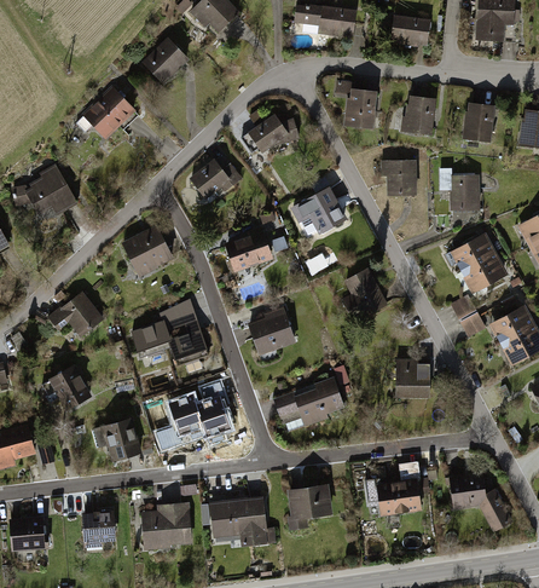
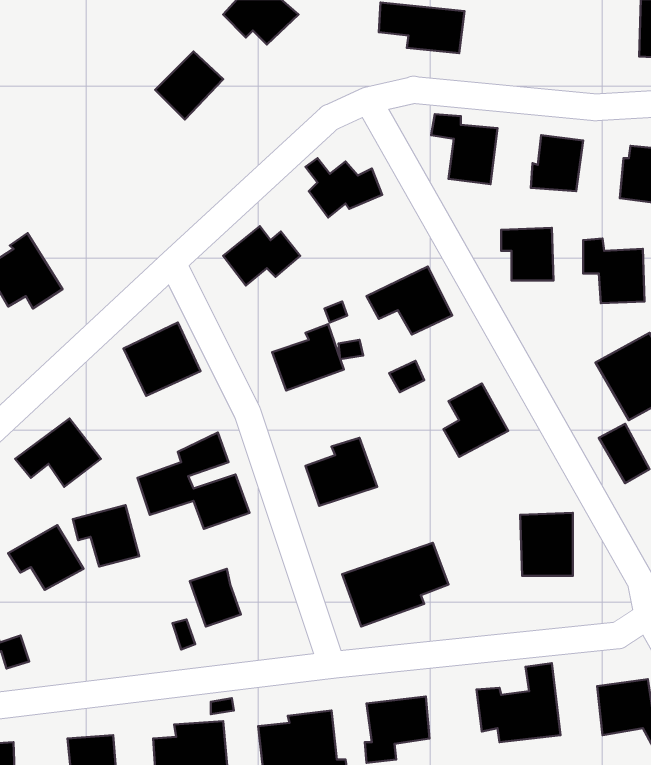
building: [390,16,431,47] -> none
building: [71,83,135,138] -> none
building: [193,384,228,437] -> none
building: [94,420,140,462] -> [73,505,139,567]

